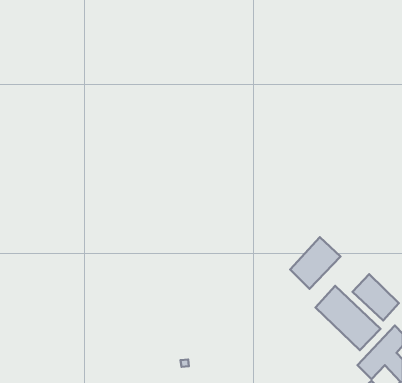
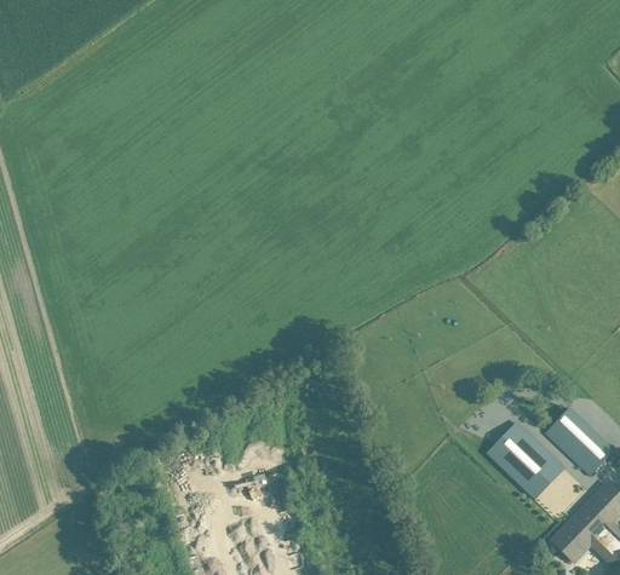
building: [290,237,340,289] -> none

